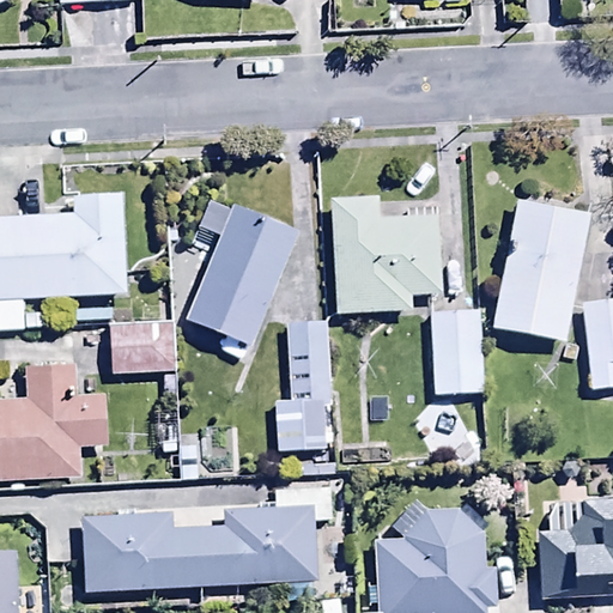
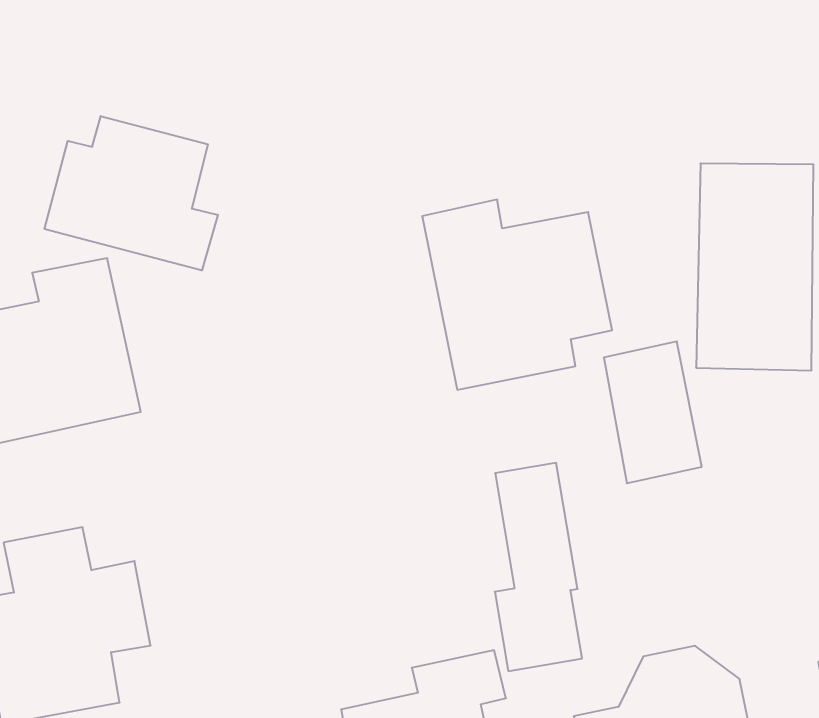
building: none -> [45,116,218,270]
building: [184,192,299,357] -> none
building: [110,320,176,372] -> none
building: [277,321,330,450] -> [495,463,582,671]

